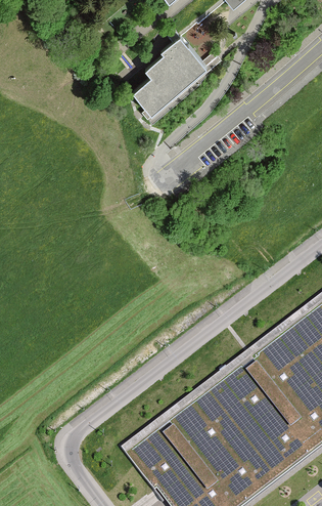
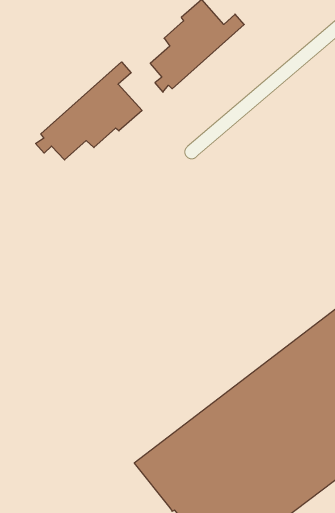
building: none -> [36,62,142,160]

